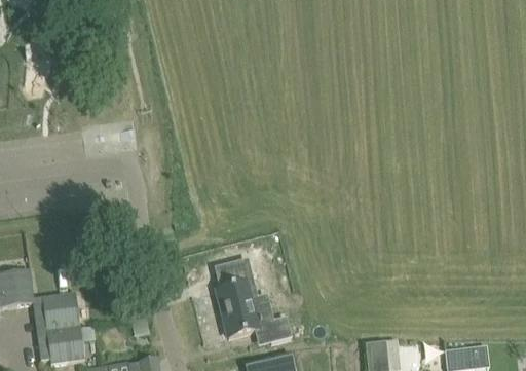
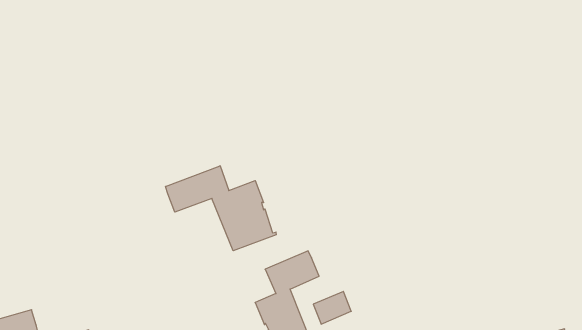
building: none -> [166,166,276,251]

